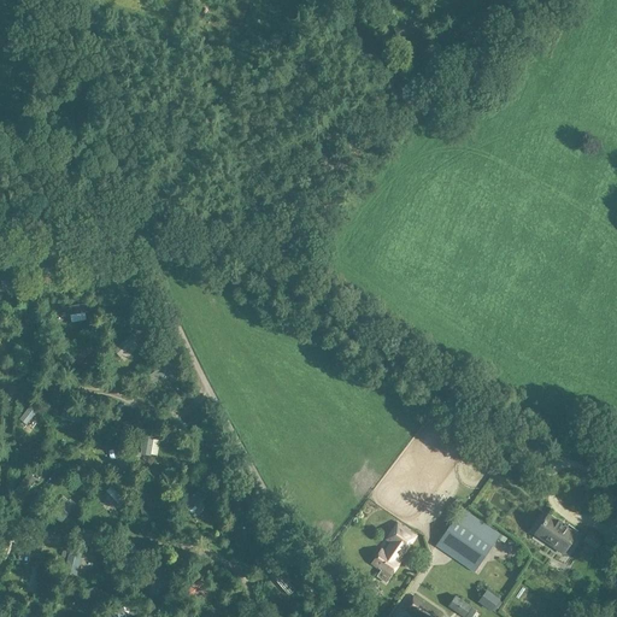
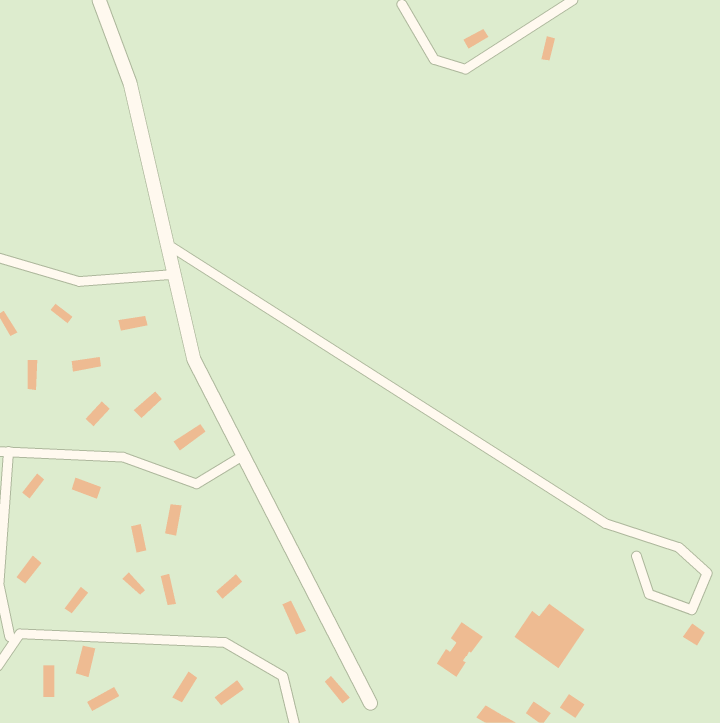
building: [533,516,576,554] -> none

